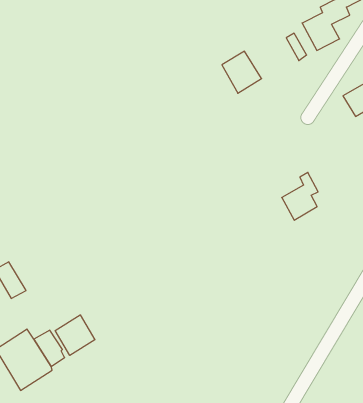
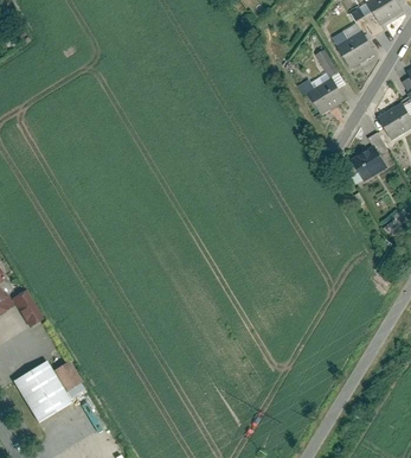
building: [222,51,262,93] -> [301,75,342,119]
building: [282,172,318,220] -> [348,136,386,186]
building: [55,315,95,355] -> none

